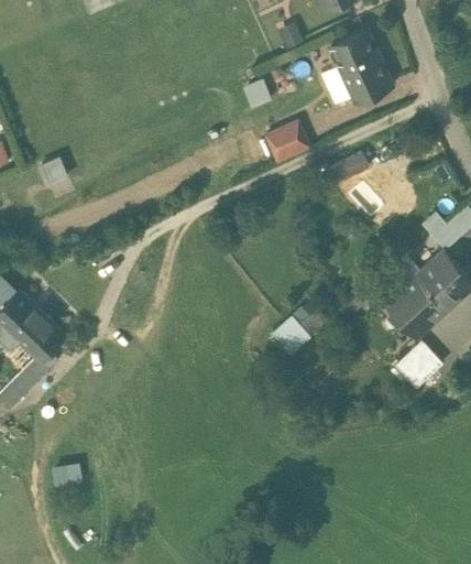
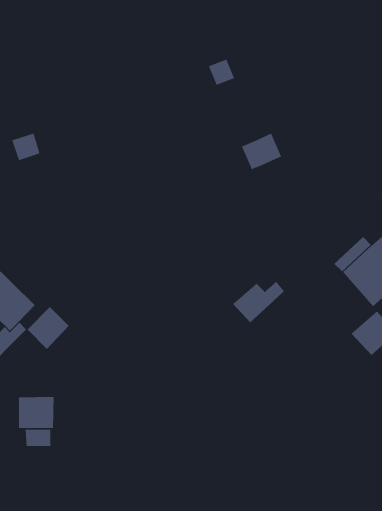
building: [328,32,388,99] -> none
building: [264,123,307,163] -> [241,132,282,170]
building: none -> [27,306,70,350]
building: none -> [18,396,54,429]

